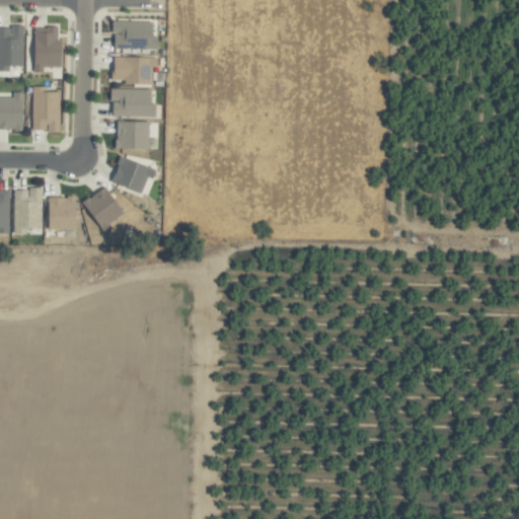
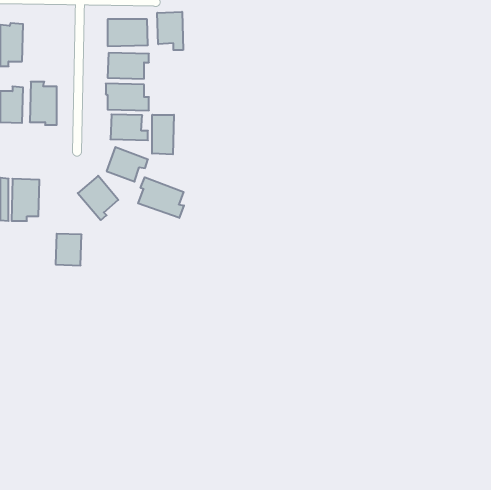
building: none -> [157,12,183,50]
building: [33,26,64,71] -> none
building: none -> [152,115,174,154]
building: none -> [138,177,184,218]
building: [50,196,77,229] -> [56,234,82,265]

